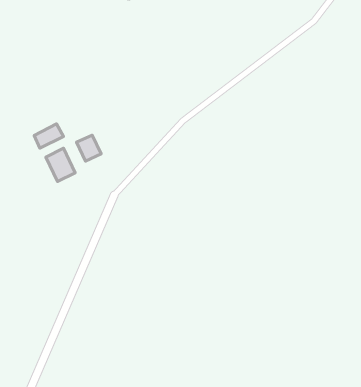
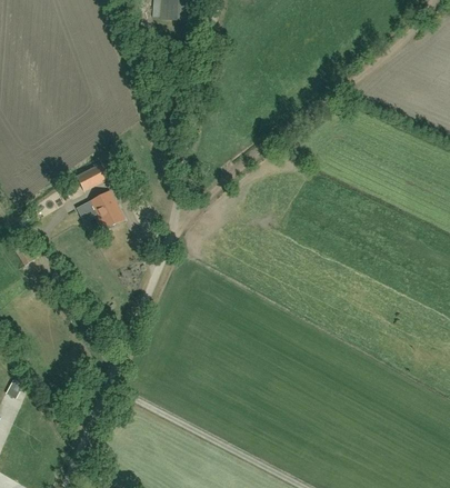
building: [77,135,101,161] -> none

